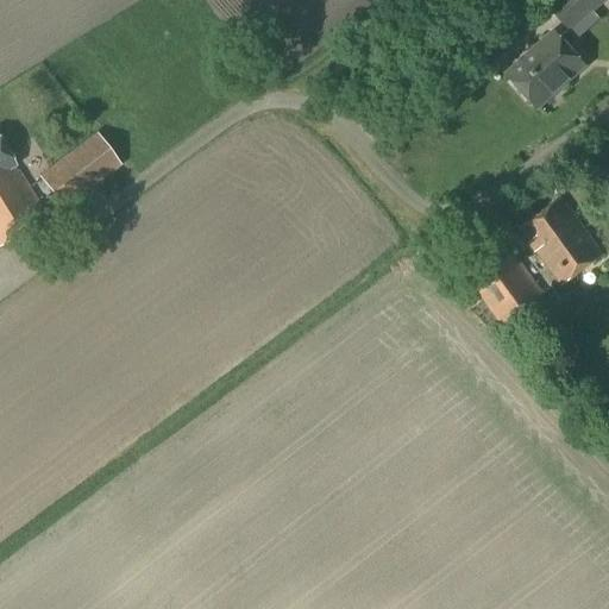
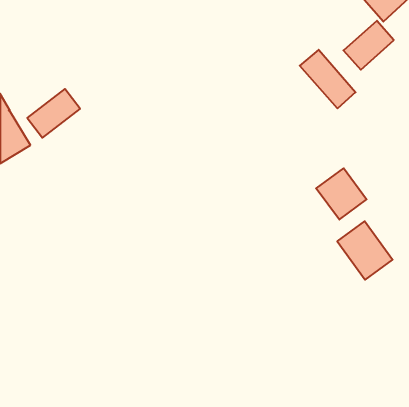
building: none -> [300,50,356,108]
building: [520,196,602,283] -> [337,221,393,280]

